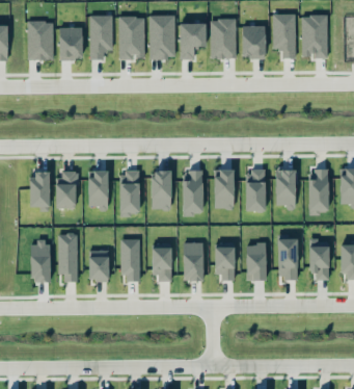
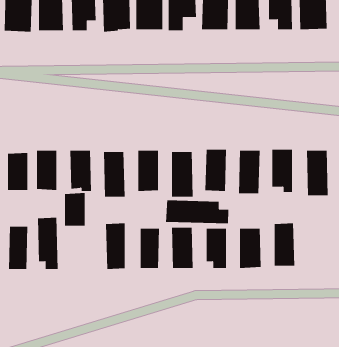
building: none -> [165,199,229,224]
building: [310,239,329,280] -> none
building: [89,250,109,281] -> [64,193,85,226]

